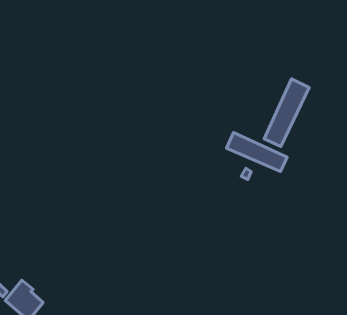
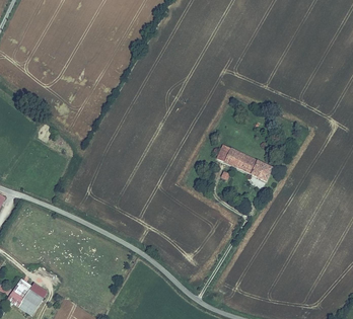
building: [264,79,309,146] -> none

